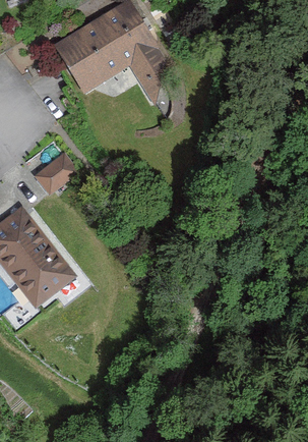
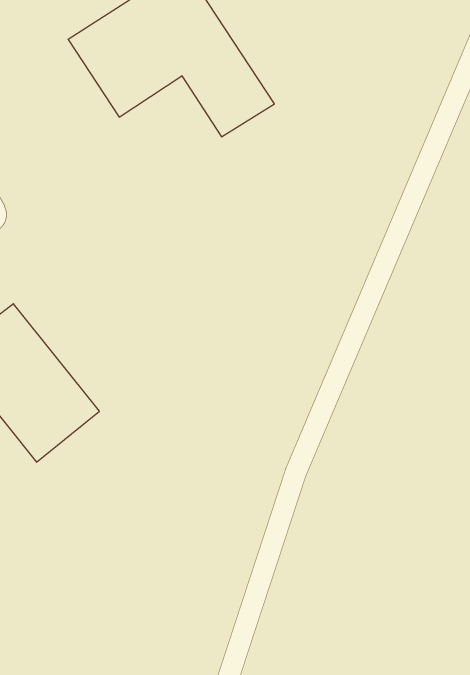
building: [34,153,77,195] -> none

